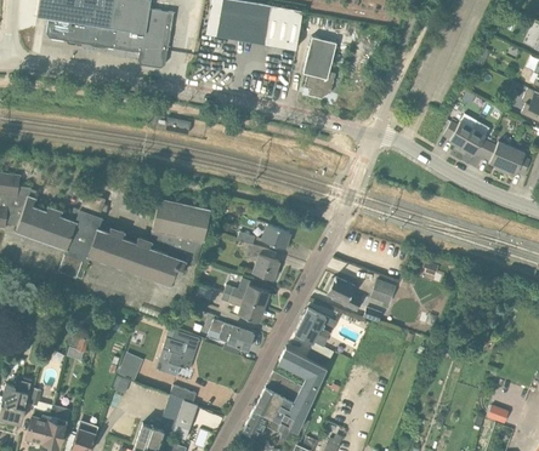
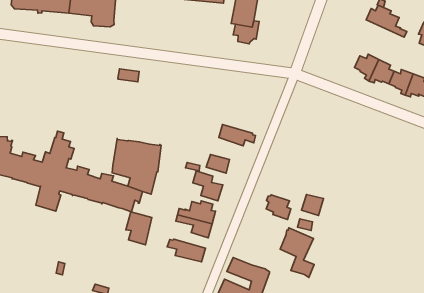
building: none -> [366,5,407,37]
building: none -> [219,125,256,146]
building: [295,308,335,367] -> [280,228,314,277]
building: [168,331,199,371] -> [126,212,152,245]

